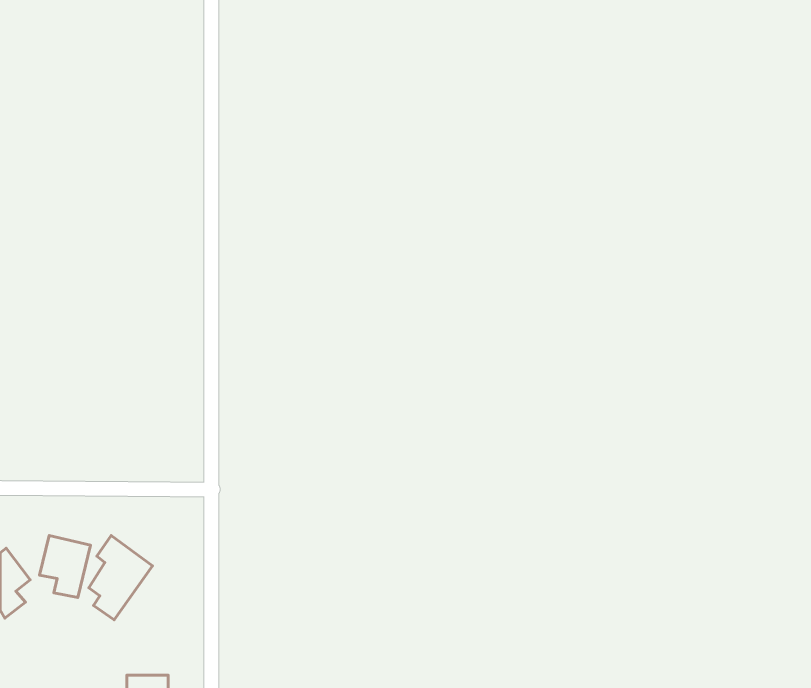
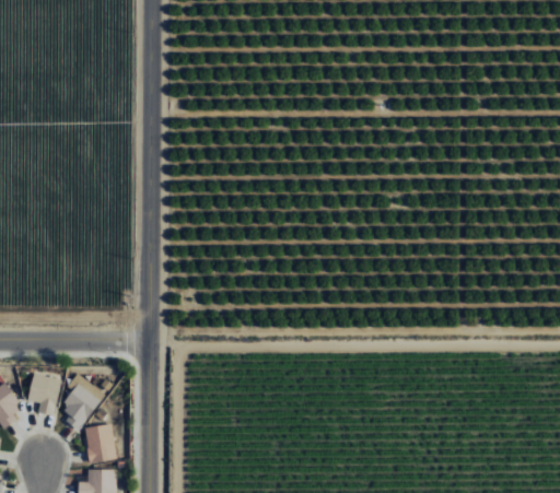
building: none -> [85,424,116,462]

